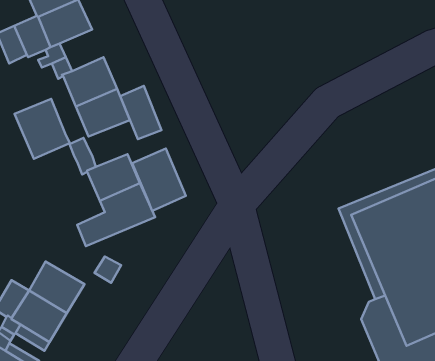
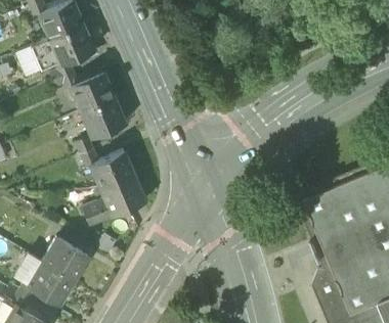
building: [120,86,162,139] -> none
building: [15,99,70,159] -> none
building: [132,149,186,211] -> none

